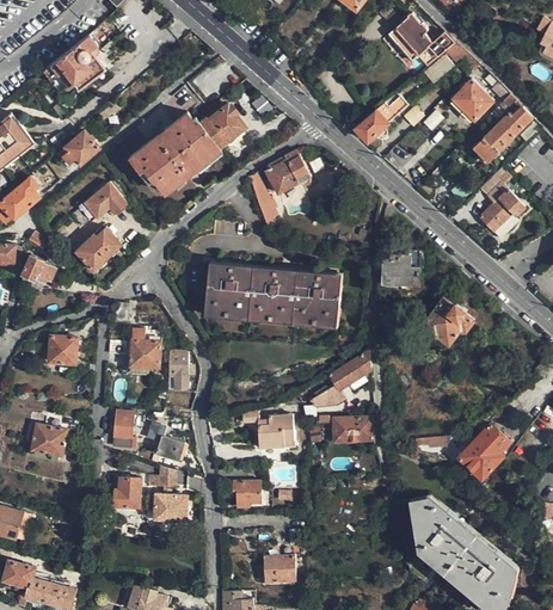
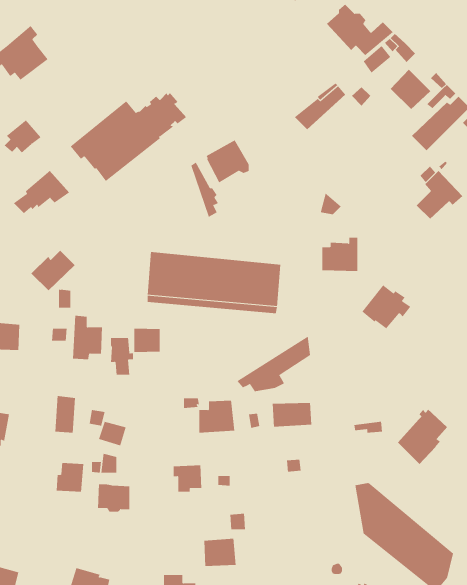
building: [75,228,121,270] -> [31,250,76,291]
building: none -> [134,328,160,353]

